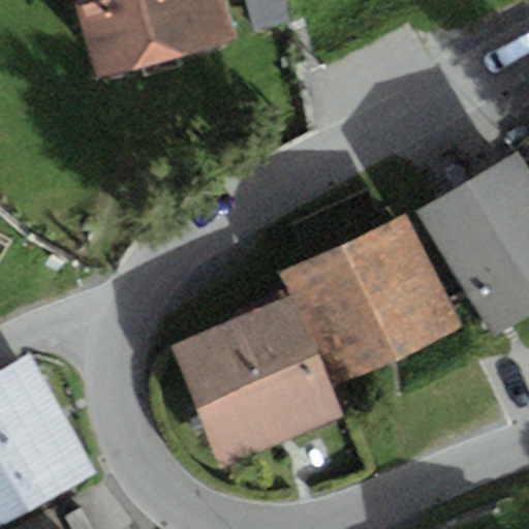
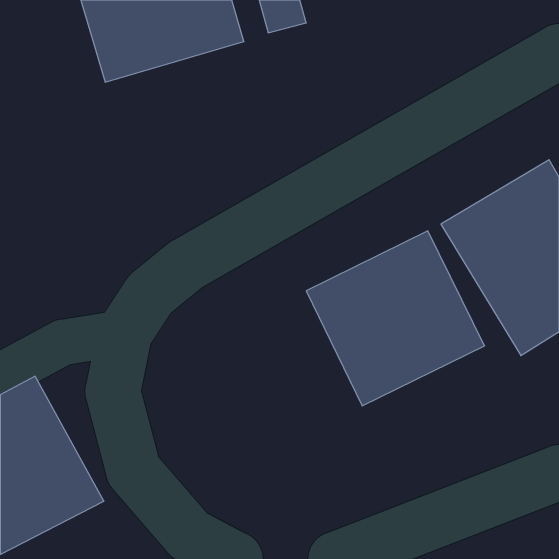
building: [174,297,339,462] -> none

